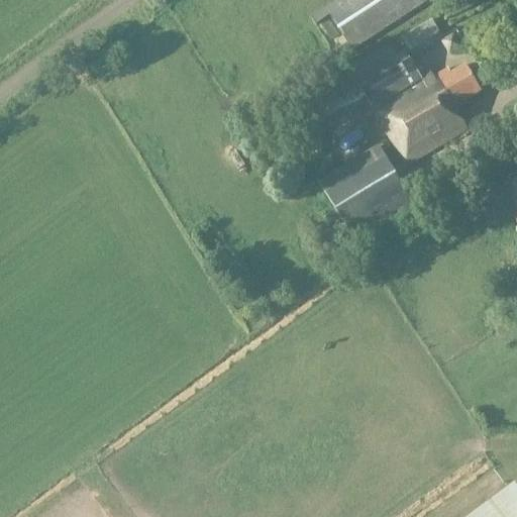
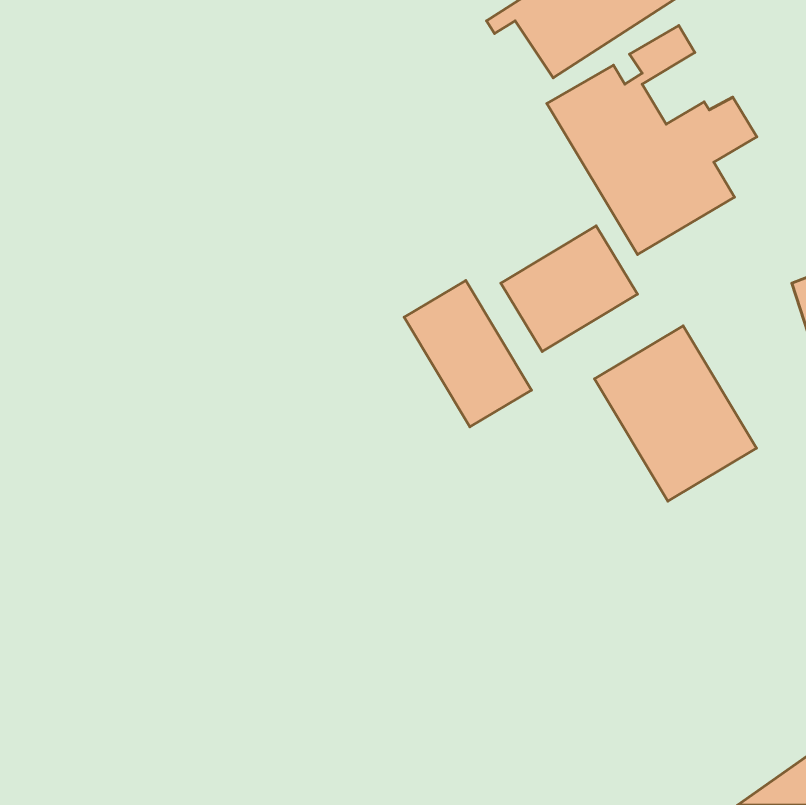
building: none -> [404,281,532,427]
building: none -> [594,326,756,501]

